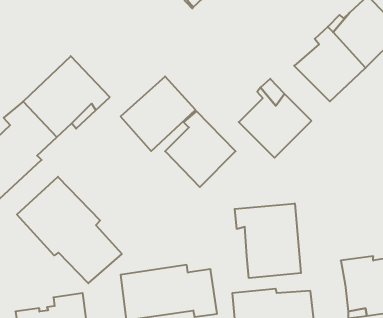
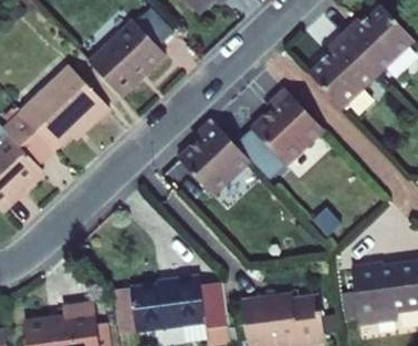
building: [121,76,195,151] -> [92,15,168,92]
building: [17,177,122,283] -> none
building: [235,203,301,278] -> none

